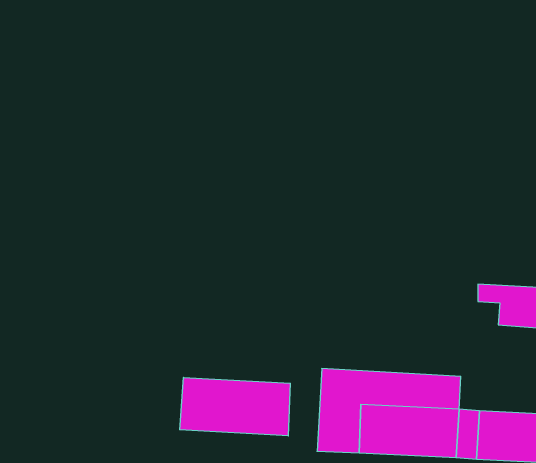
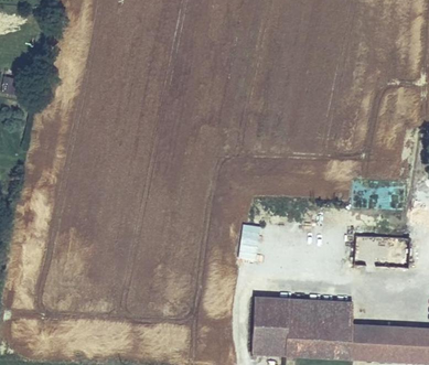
building: [180,377,290,436] -> none

